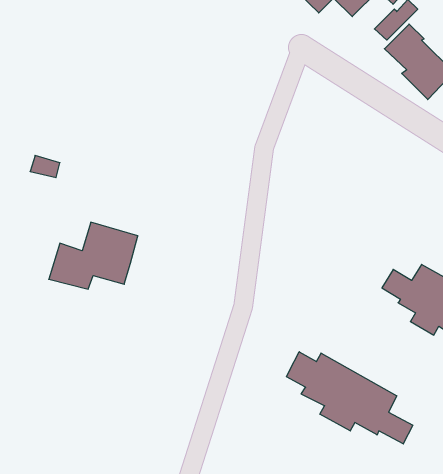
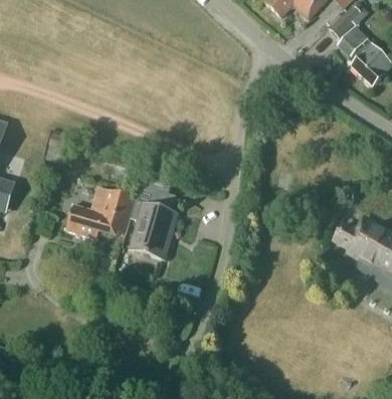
building: none -> [130,169,178,260]
building: [286,352,413,444] -> none

